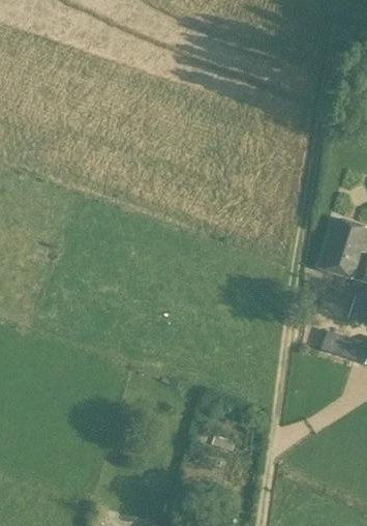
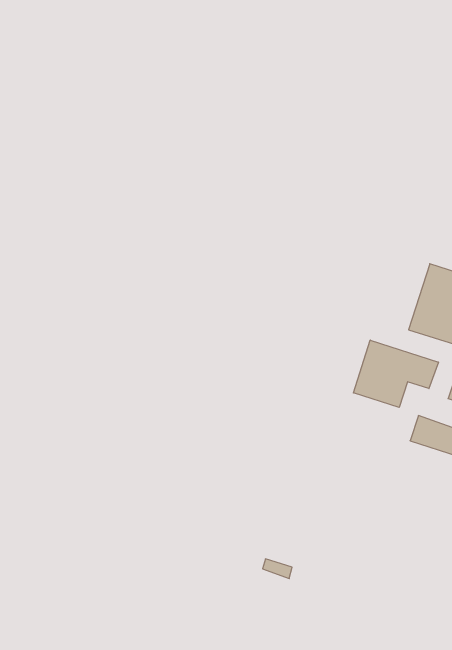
building: none -> [353,340,438,407]

